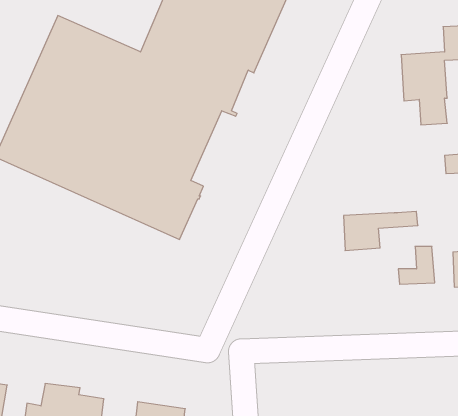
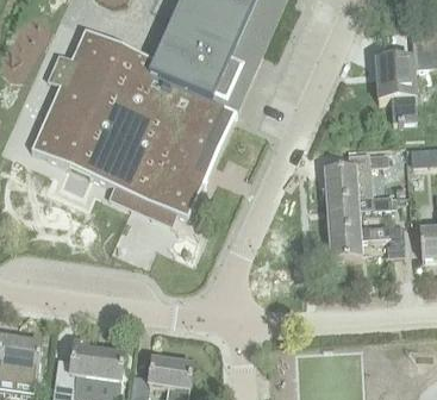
building: none -> [325,154,388,199]
building: none -> [329,225,372,260]

